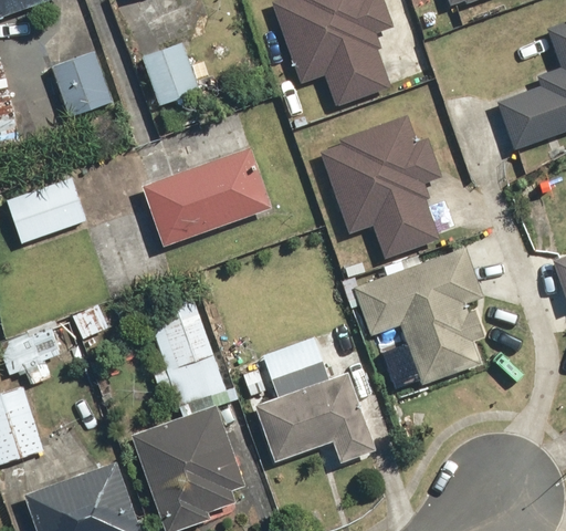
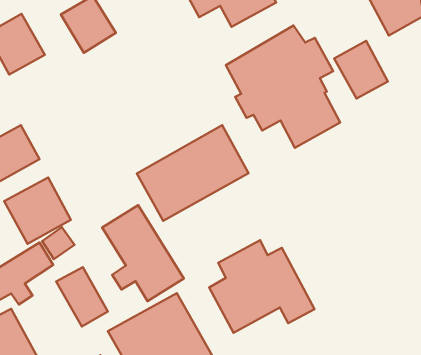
building: [142,147,271,246] -> [137,125,249,221]
building: none -> [334,41,388,98]
building: none -> [4,178,71,244]
building: [352,248,482,386] -> none
building: none -> [56,267,108,327]

